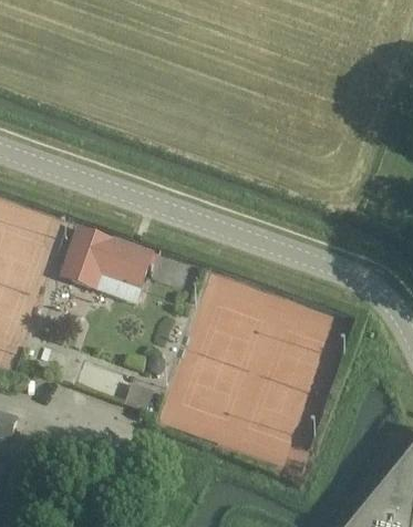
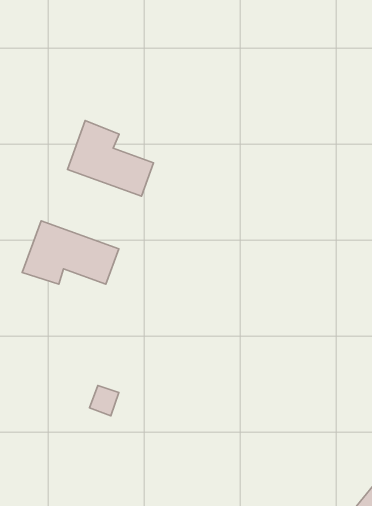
building: none -> [67,121,154,196]

